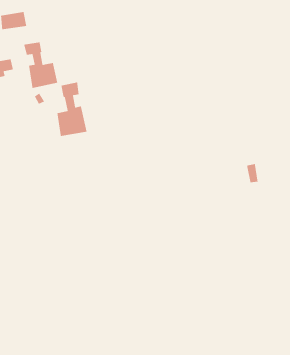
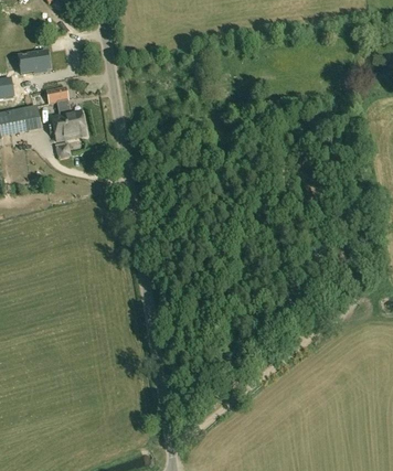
building: [56,81,87,137] -> none

